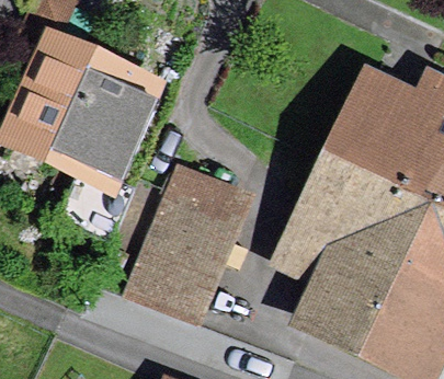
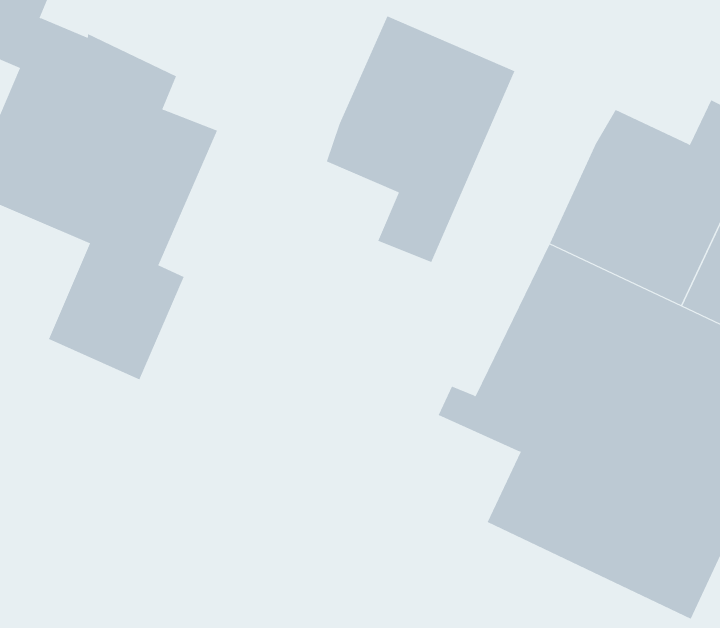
building: none -> [326,15,515,263]
building: [134,168,236,309] -> none

